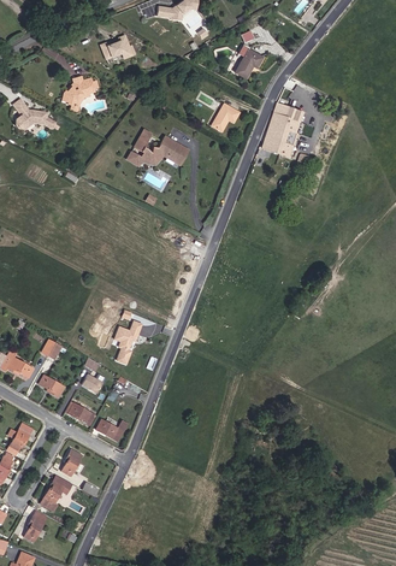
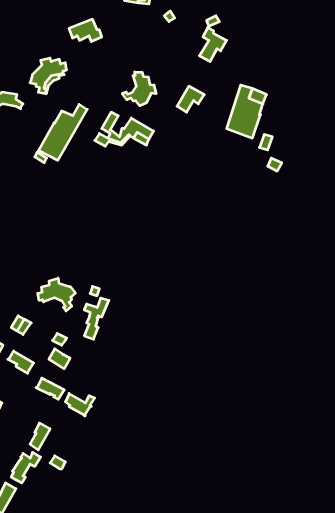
building: none -> [122,72,156,106]
building: none -> [38,104,87,160]
building: none -> [38,278,75,311]

